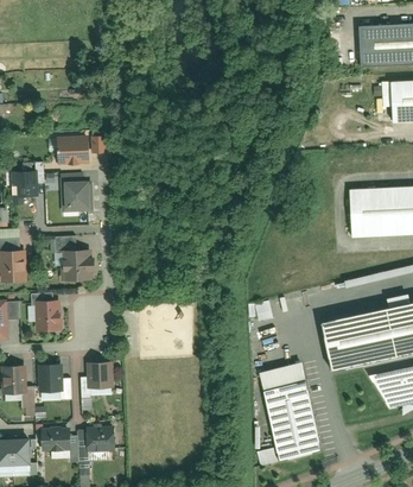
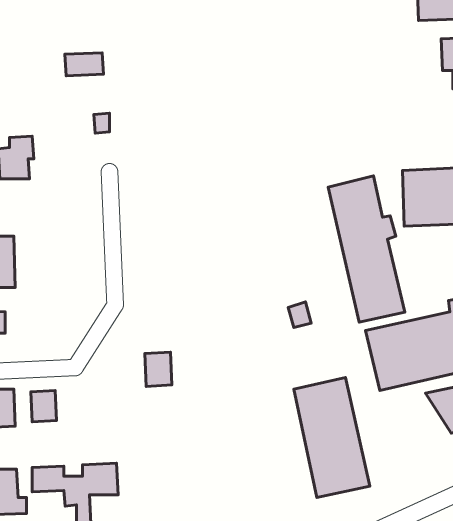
building: [56,141,88,160] -> [65,53,103,76]
building: [61,178,93,217] -> none
building: none -> [328,176,405,322]
building: [55,241,91,286] -> none
building: [34,306,63,339] -> none
building: [89,368,112,397] -> [145,352,172,386]

